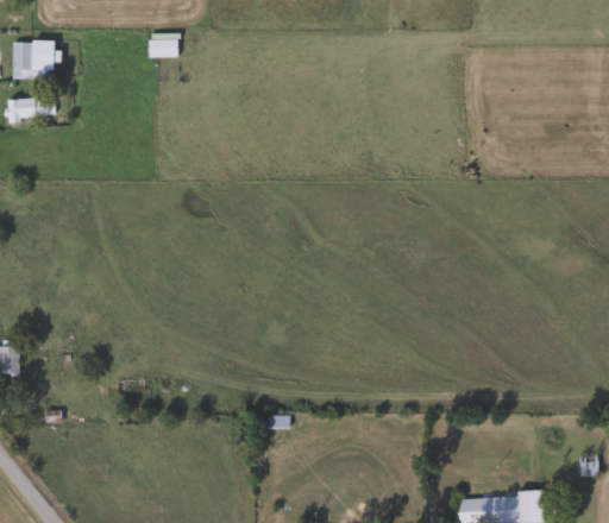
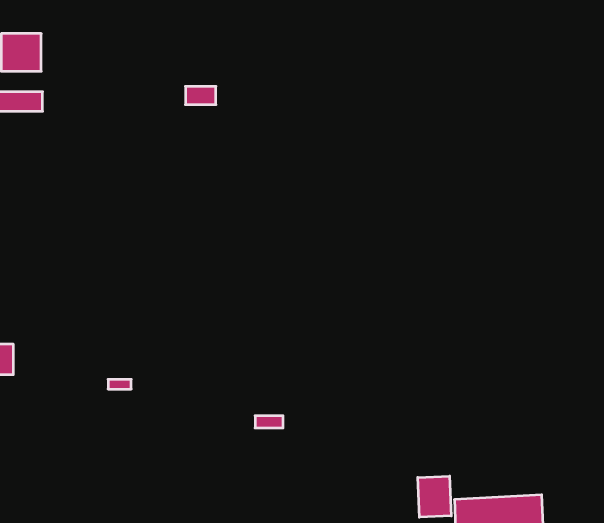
building: [147,39,177,57] -> [185,86,216,105]
building: none -> [418,476,451,517]

